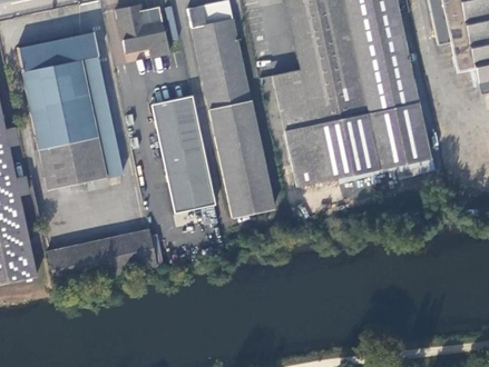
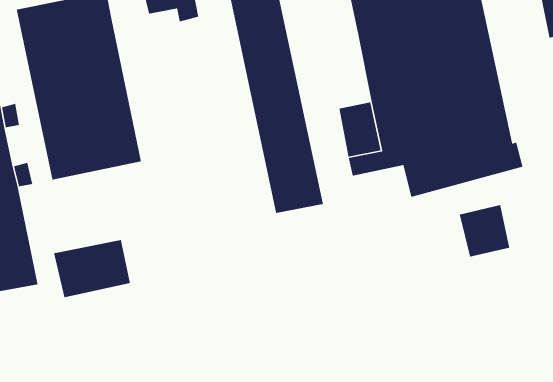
building: [272,68,311,129] -> none
building: [151,95,217,214] -> none
building: none -> [459,204,510,258]
building: [104,228,155,275] -> none

